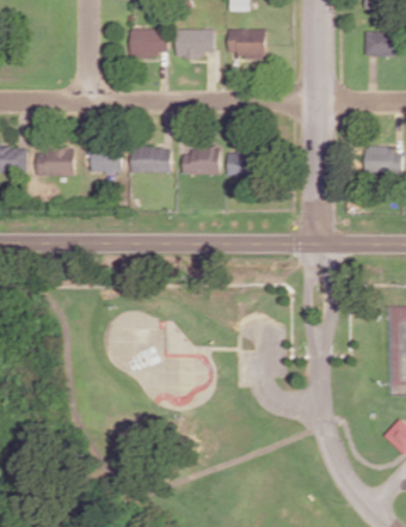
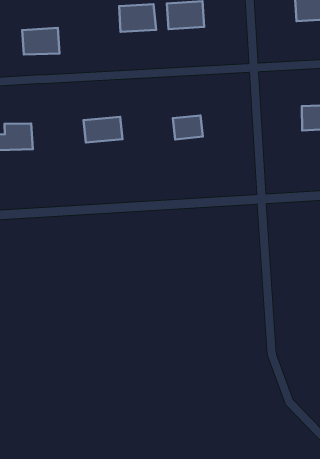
building: [129,29,167,56] -> [22,28,59,55]
building: [91,149,122,173] -> none
building: [182,149,220,173] -> none

